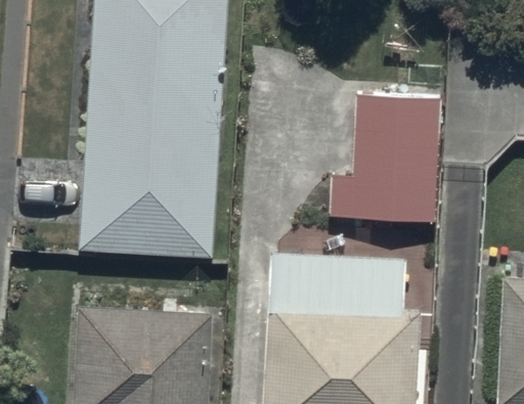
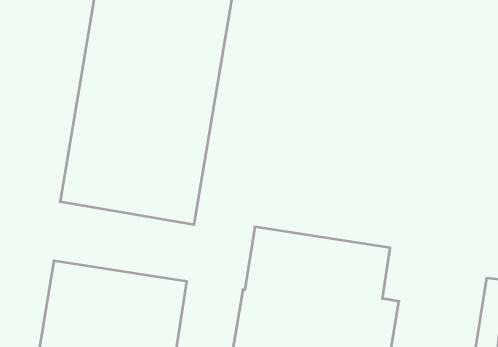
building: [329,95,438,220] -> none

